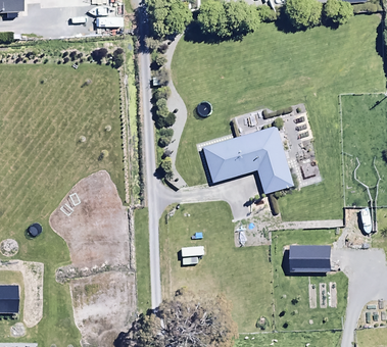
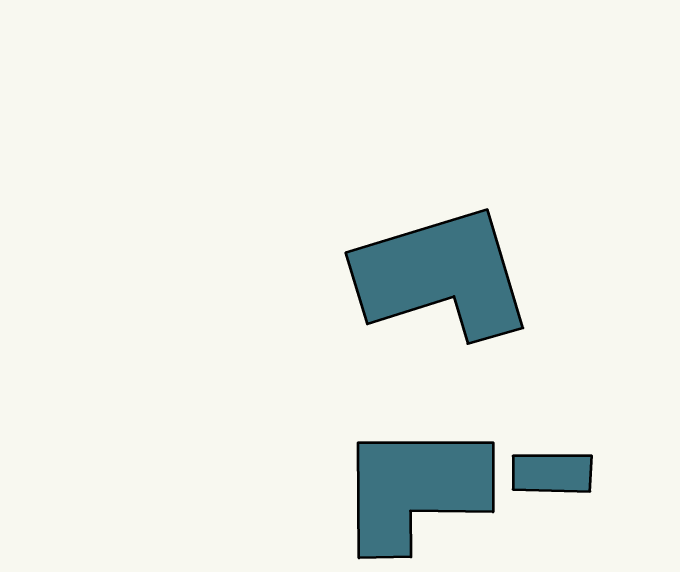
building: none -> [358,443,493,558]

